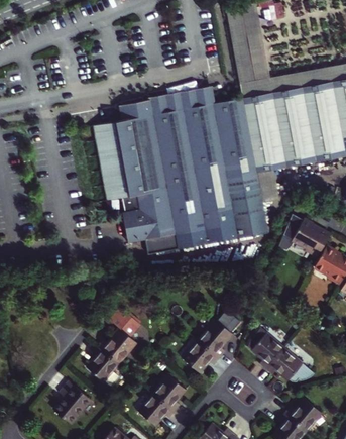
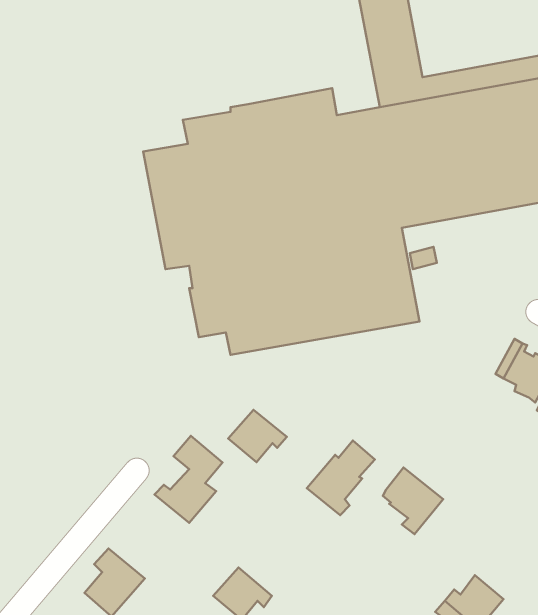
building: [281,215,330,258] -> none
building: [180,340,217,373] -> [228,410,287,462]
building: [88,344,121,381] -> none
building: [264,347,313,381] -> none
building: [152,371,187,409] -> none

